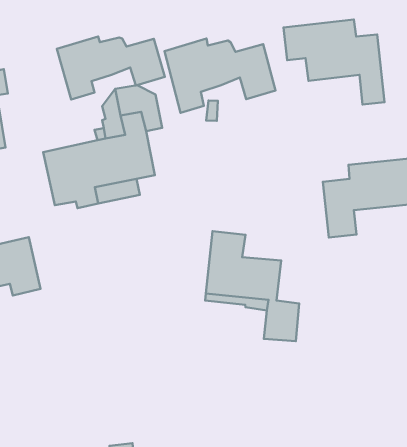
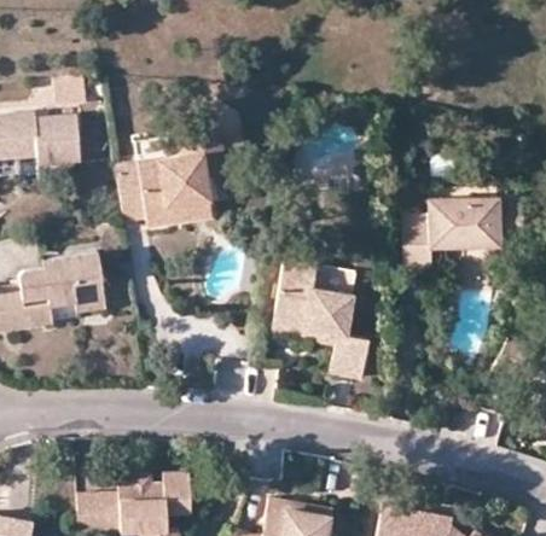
building: [284,20,385,105] -> none
building: [57,37,165,99] -> none
building: [164,39,275,113] -> none

